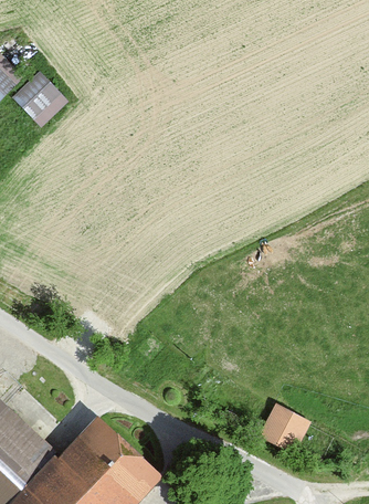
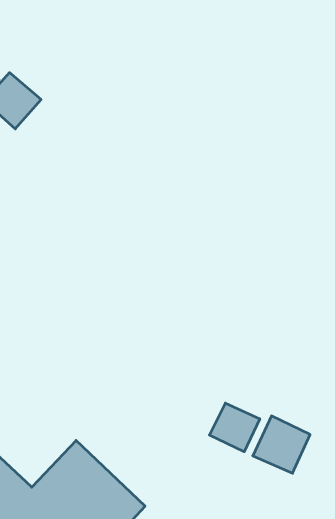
building: none -> [209,403,260,452]

